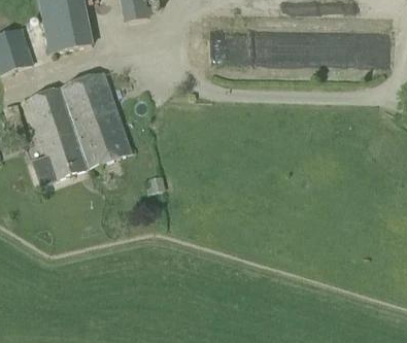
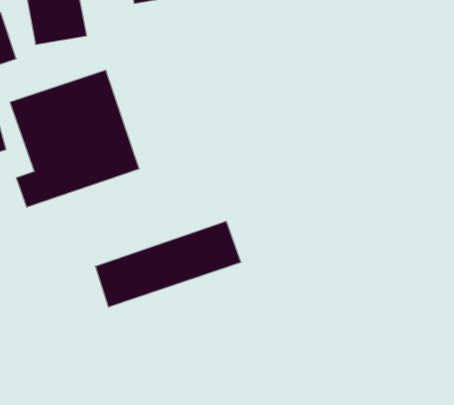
building: none -> [95,221,241,307]

